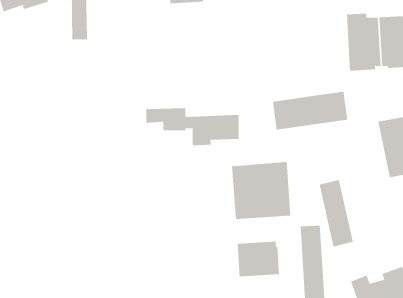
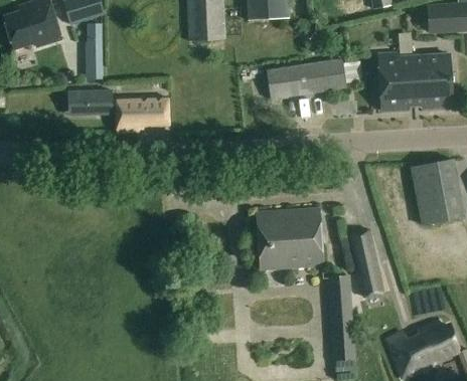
building: [272,91,348,130] -> [267,58,347,100]
building: [145,108,240,146] -> [68,90,168,131]
building: [237,241,279,277] -> none

